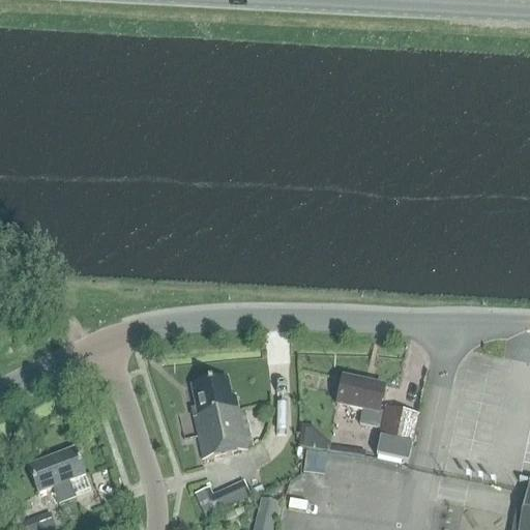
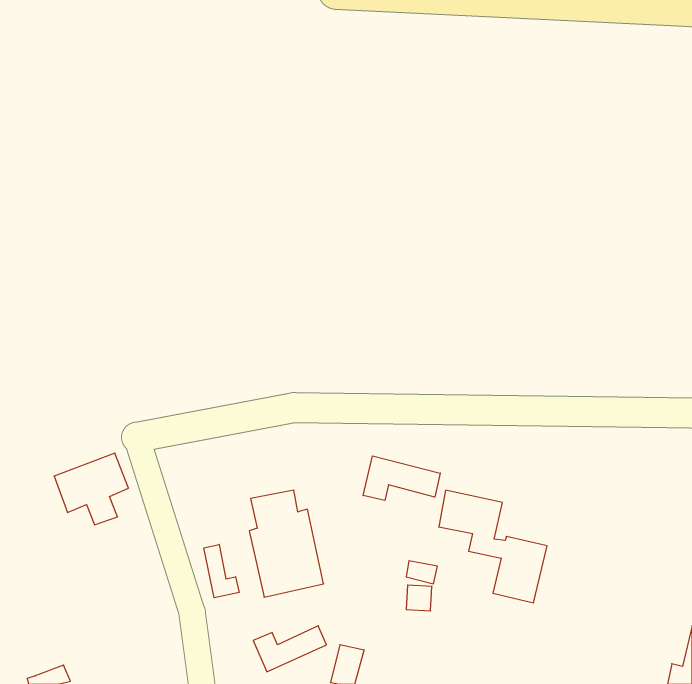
building: none -> [363,456,440,500]
building: none -> [204,544,239,598]
building: [27,445,84,500] -> [54,453,128,525]

